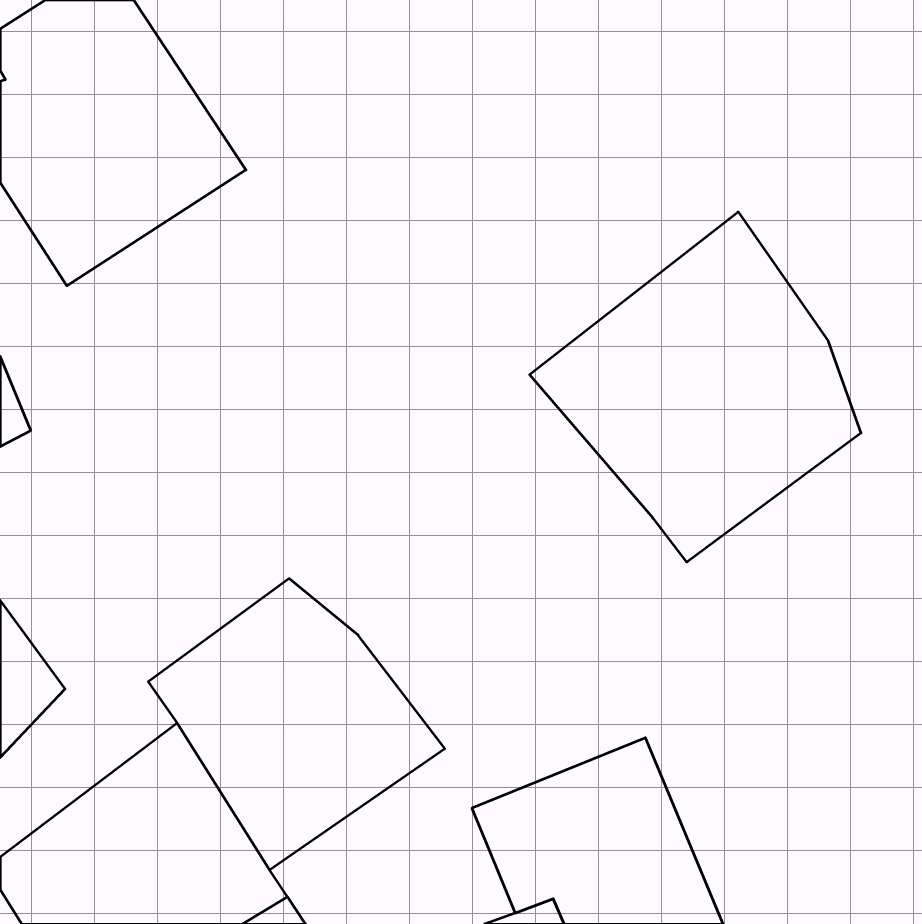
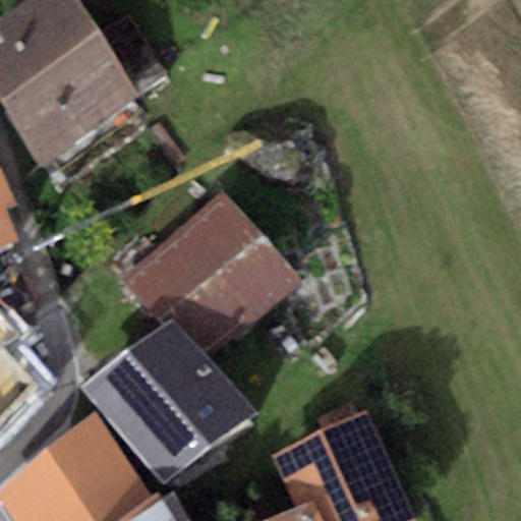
building: [530,212,861,562] -> none
building: none -> [124,200,303,357]

